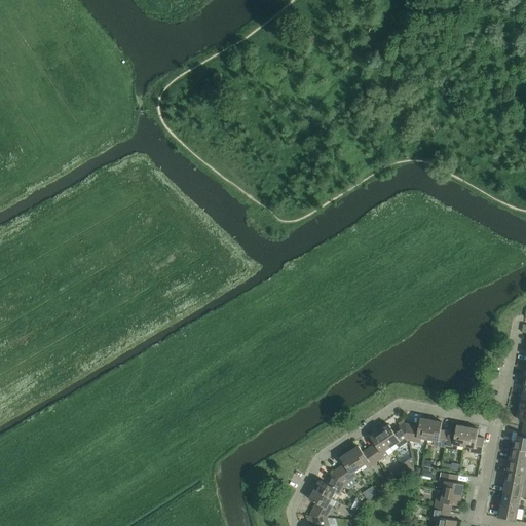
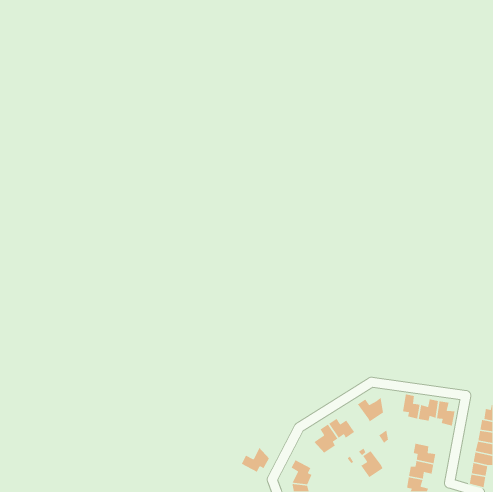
building: [406,417,431,442] -> none
building: [369,430,393,460] -> [360,450,383,478]
building: [314,471,345,498] -> [241,447,270,473]

